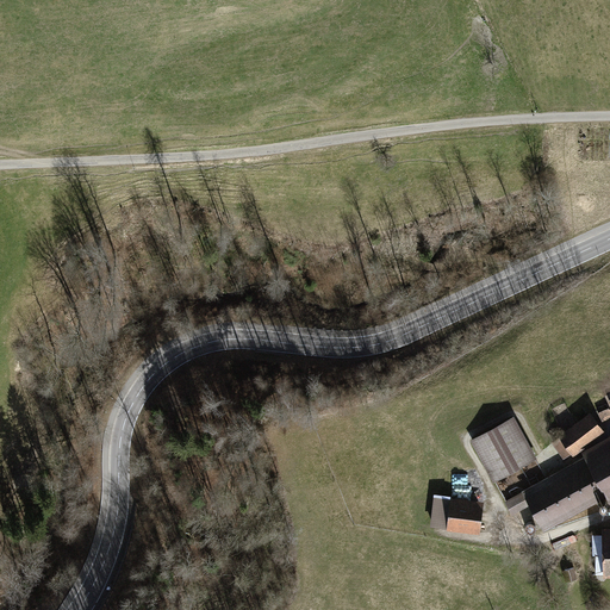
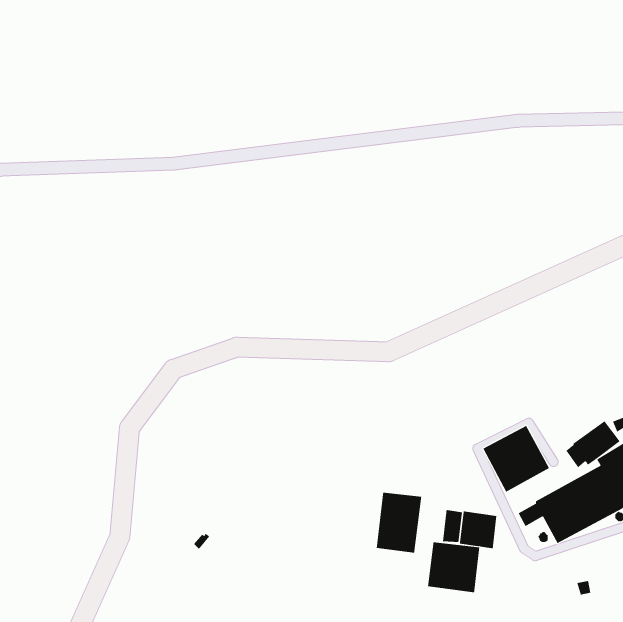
building: none -> [376,492,422,554]
building: none -> [427,541,480,593]

